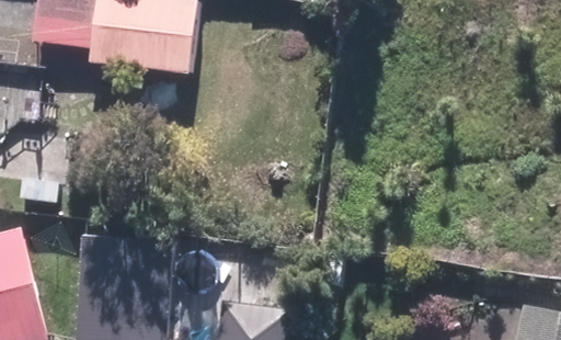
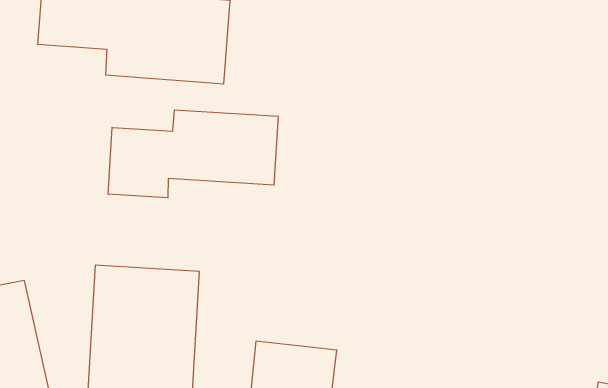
building: none -> [108,110,278,198]

